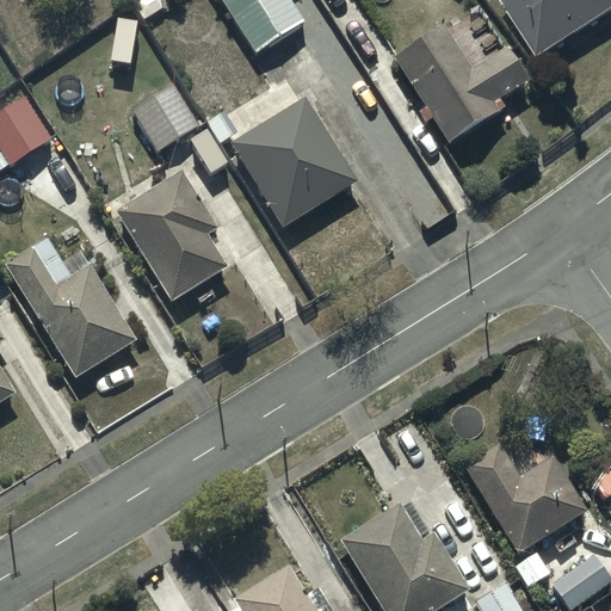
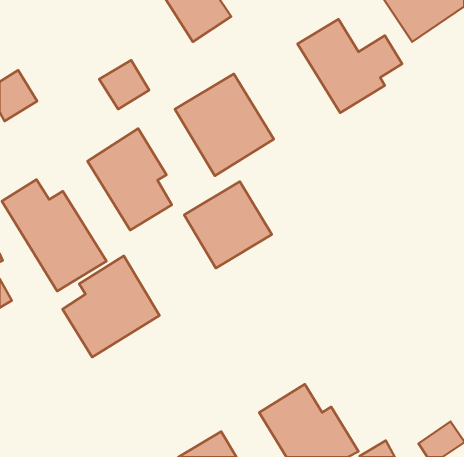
building: none -> [184,182,272,268]
building: none -> [62,256,159,357]
building: [463,444,586,582] -> none

